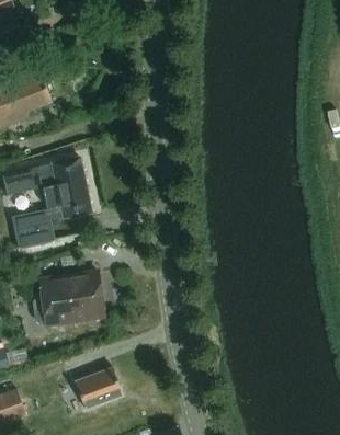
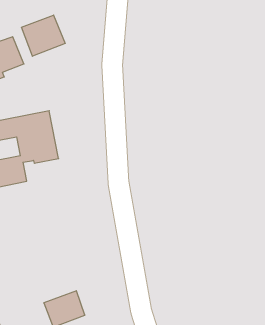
building: none -> [21,15,65,56]
building: [33,273,104,325] -> none

